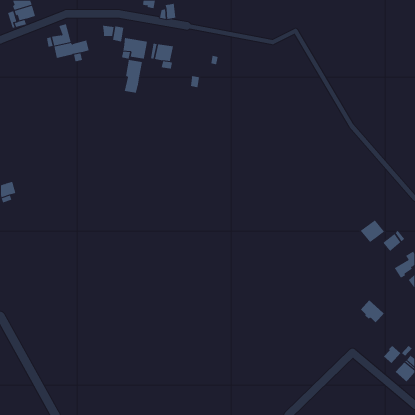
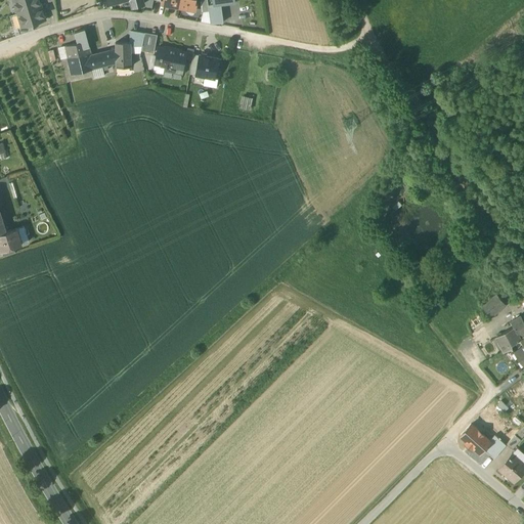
building: none -> [110,42,131,68]
building: [124,59,143,94] -> none
building: [360,219,385,243] -> none
building: [360,300,384,323] -> [460,424,490,453]

